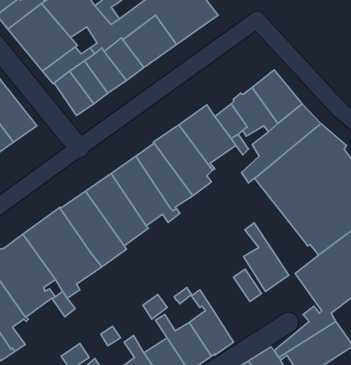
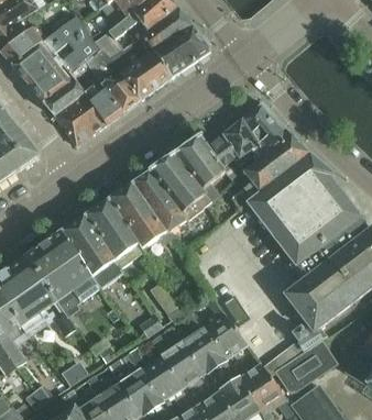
building: [244,223,289,292] -> [204,294,247,358]

